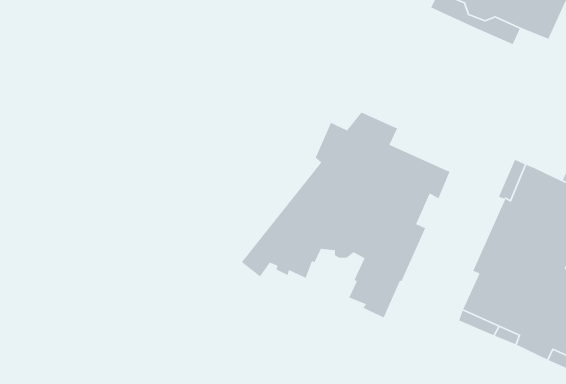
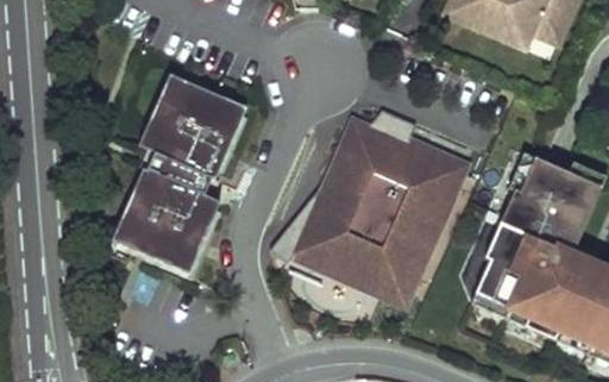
building: none -> [113,74,249,275]
building: none -> [315,238,387,293]

